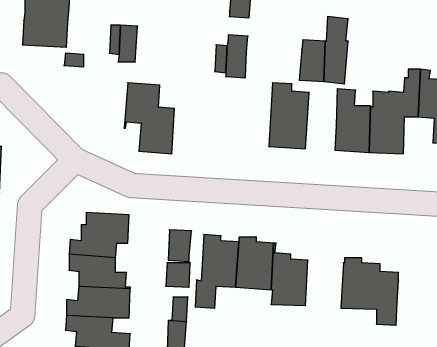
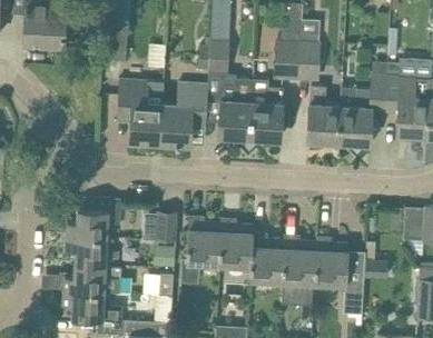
building: none -> [218,73,250,137]
building: none -> [159,83,207,146]
building: none -> [281,236,315,305]

